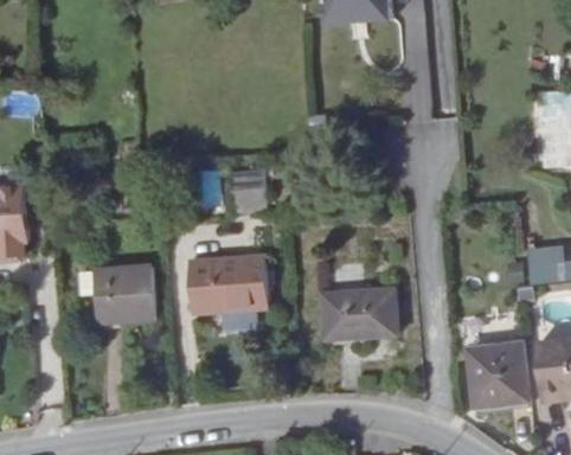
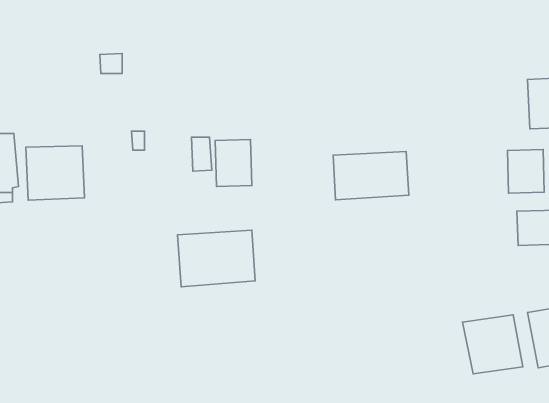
building: none -> [508,150,544,193]
building: [94,268,153,322] -> [26,146,85,200]
building: [322,294,398,342] -> [333,152,409,200]

